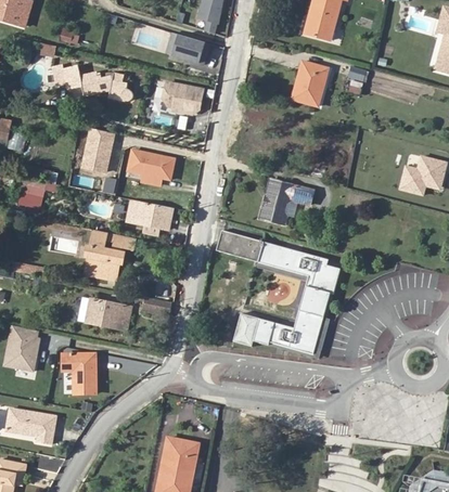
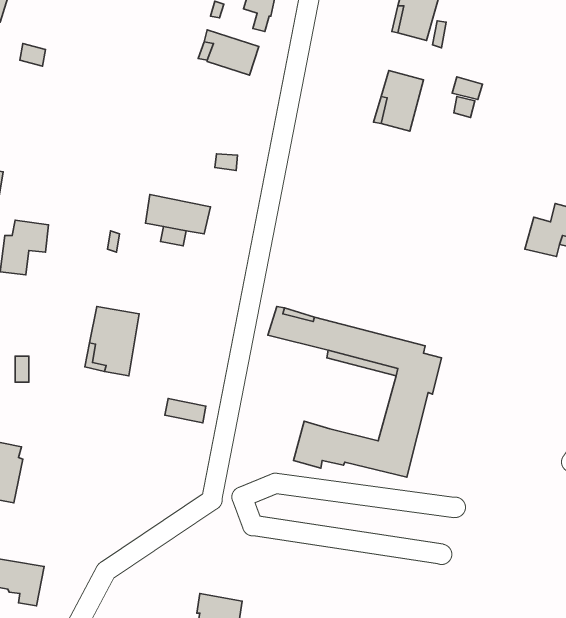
building: [52,66,131,102] -> none
building: [163,82,203,115] -> none
building: [79,129,115,174] -> none
building: [258,179,312,223] -> none
building: [133,200,171,230] -> none
building: [85,299,130,331] -> none
building: [63,354,98,394] -> none

